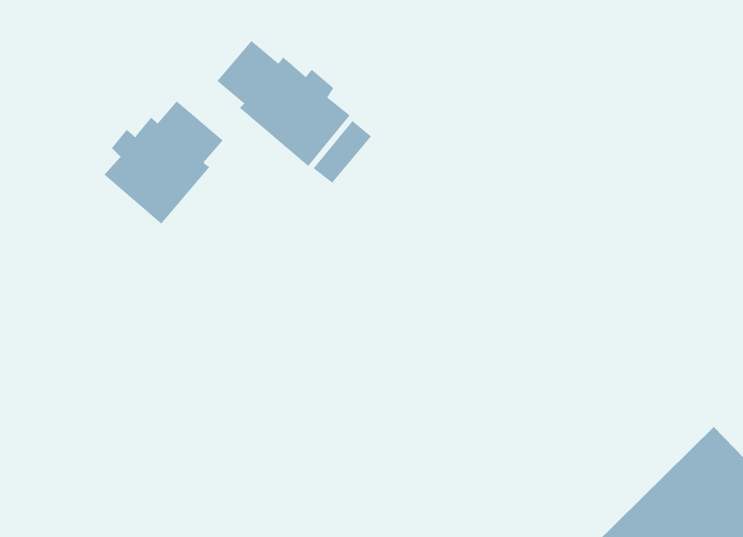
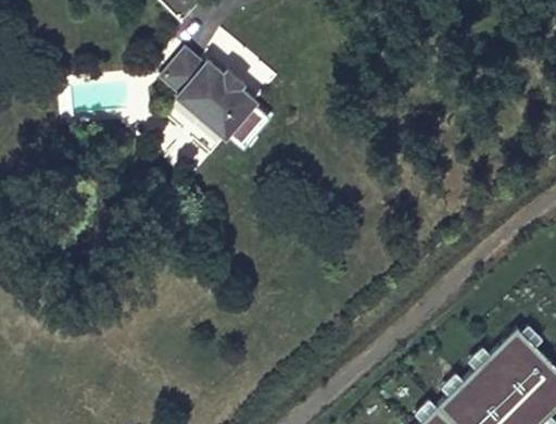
building: [104,101,224,225] -> none

